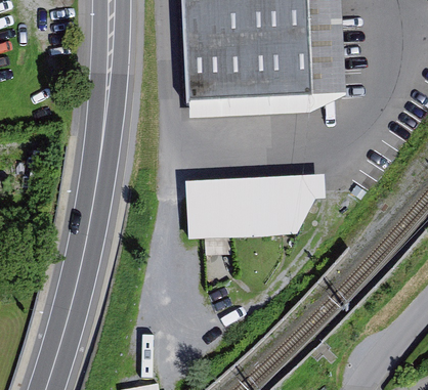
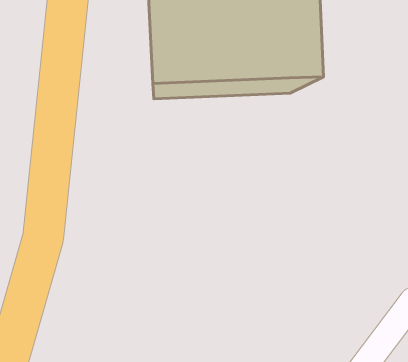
building: [185,173,320,235] -> none

